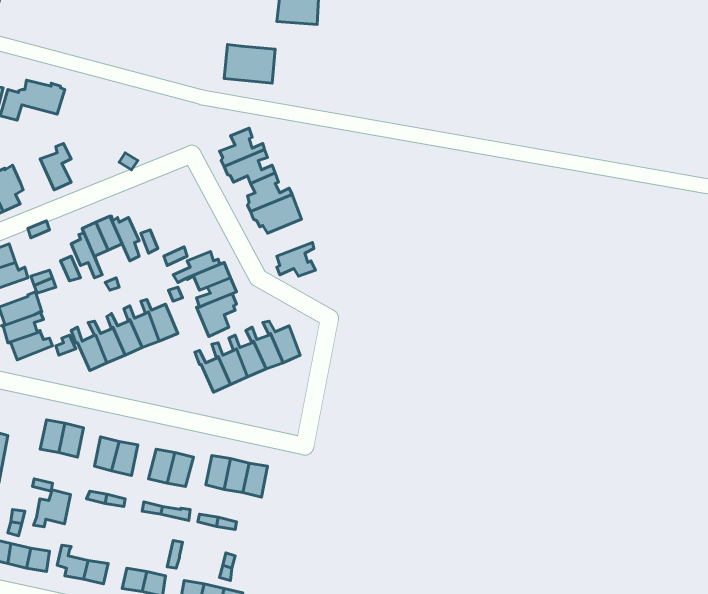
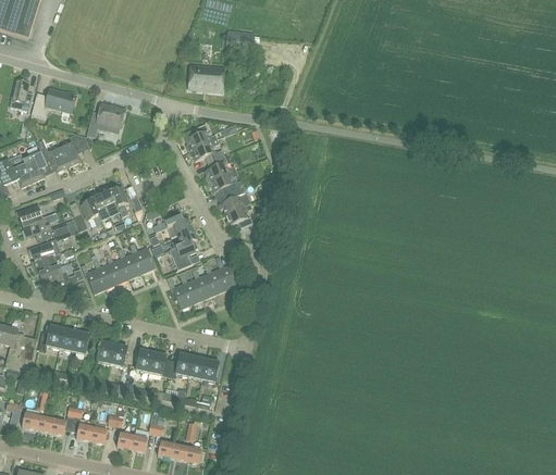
building: none -> [86,101,125,136]
building: none -> [36,138,69,170]
building: none -> [219,186,250,212]
building: [34,490,71,527] -> [37,324,63,350]

